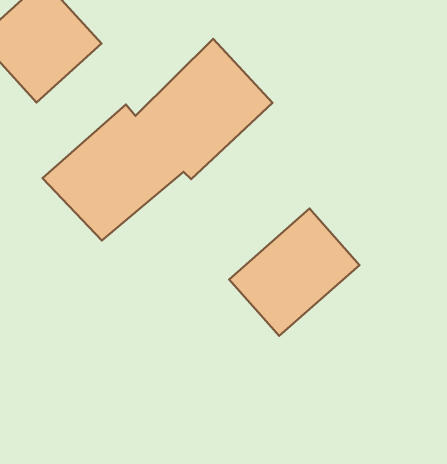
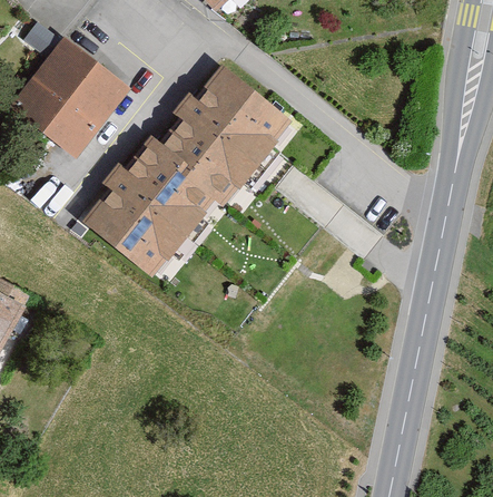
building: [229,209,359,336] -> none

